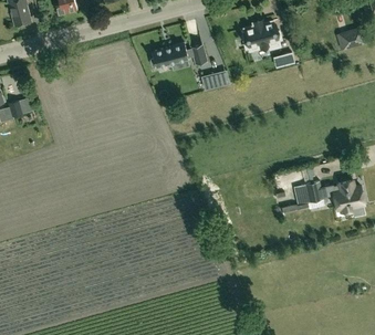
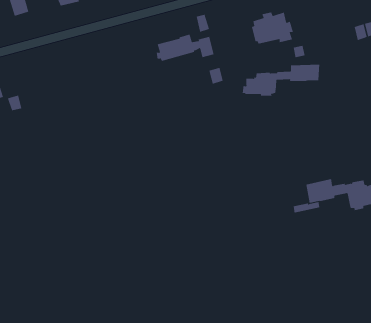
building: none -> [242,64,320,97]

